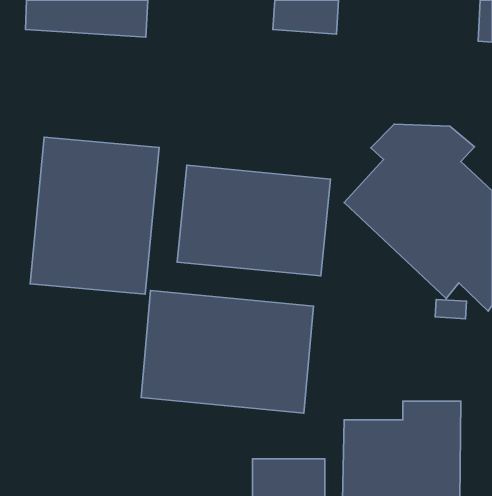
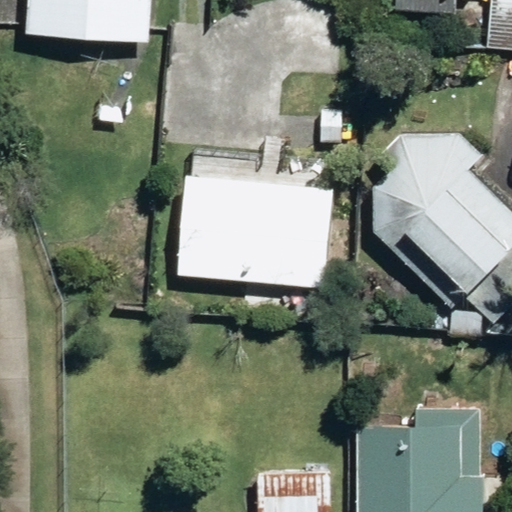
building: [30,137,159,294] -> none
building: [141,291,314,413] -> none

